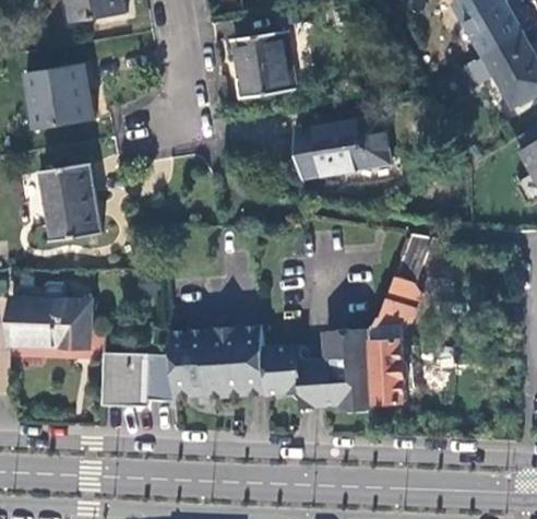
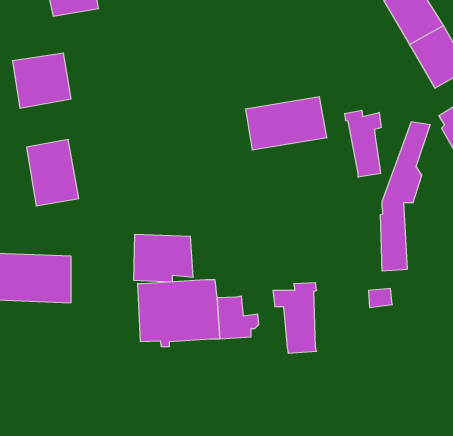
building: [232,33,293,98] -> none
building: none -> [345,110,381,177]
building: [372,232,430,403] -> [380,122,430,271]
building: [103,352,171,406] -> [134,234,193,282]
building: [300,365,342,406] -> none

